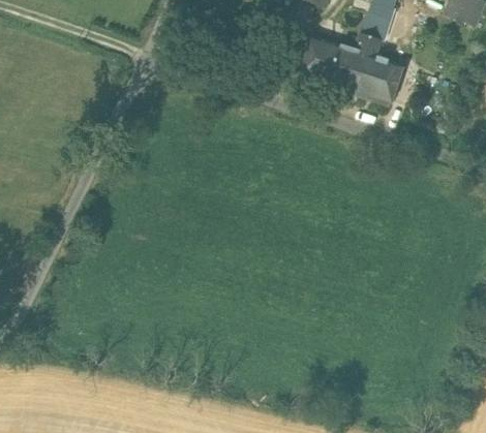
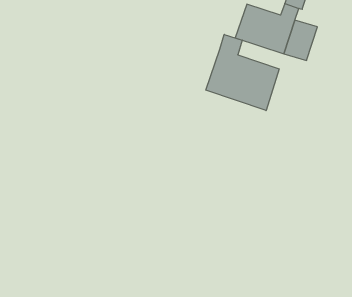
building: none -> [206,34,279,111]

